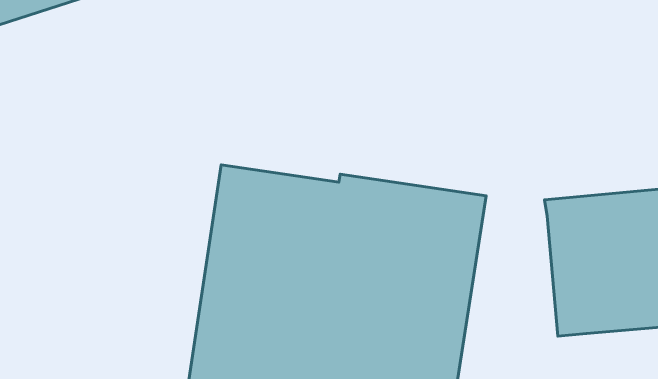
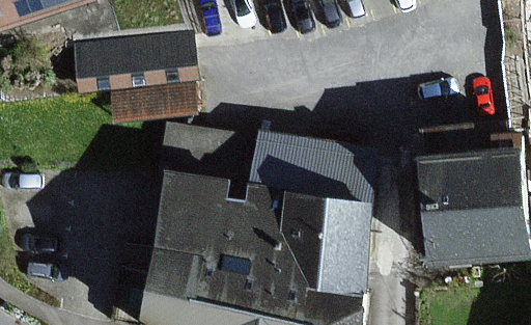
building: none -> [75,35,190,119]

